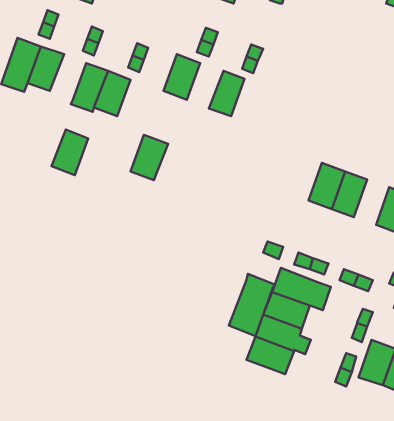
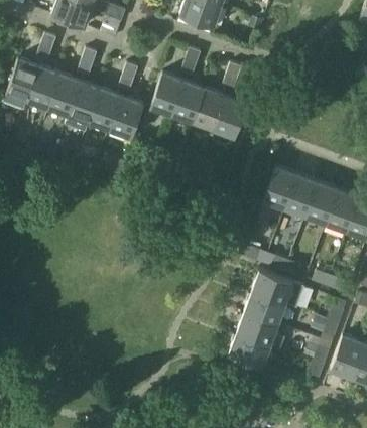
building: none -> [172,83,206,124]
building: none -> [213,97,246,138]
building: [51,130,88,175] -> [47,75,81,116]
building: [131,135,168,180] -> [109,98,143,139]
building: none -> [262,166,295,207]
building: none -> [325,188,357,230]
building: [229,274,275,336] -> none

